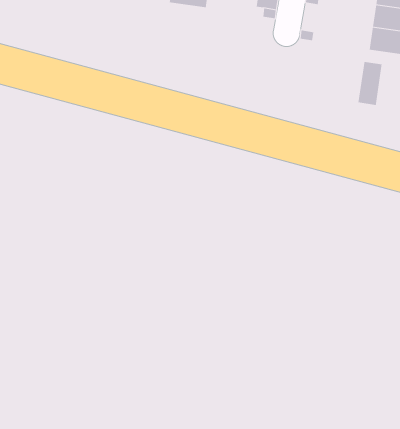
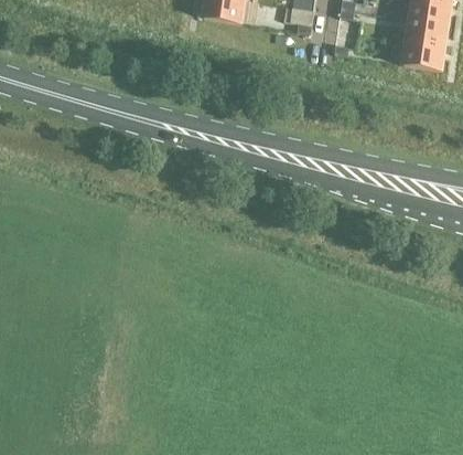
building: [358,61,382,106] -> none

